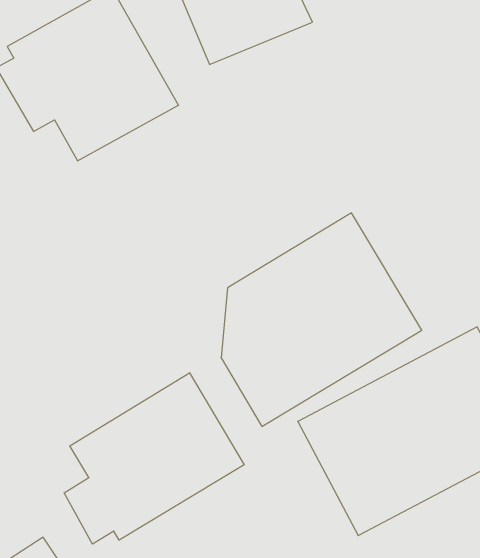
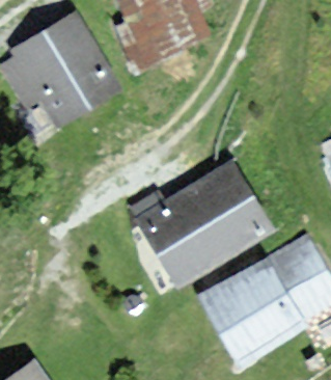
building: [64,373,244,544] -> none

